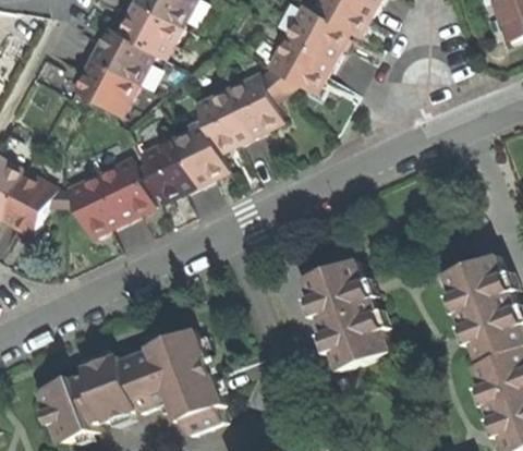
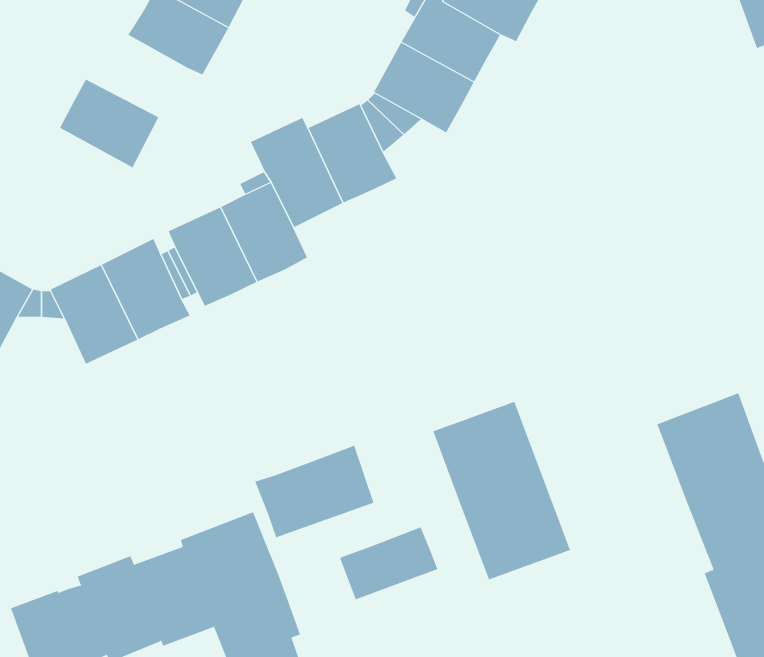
building: [87,27,150,83] -> none
building: none -> [254,445,374,538]
building: none -> [340,526,438,600]

